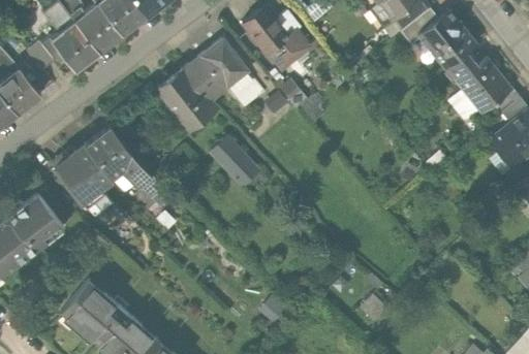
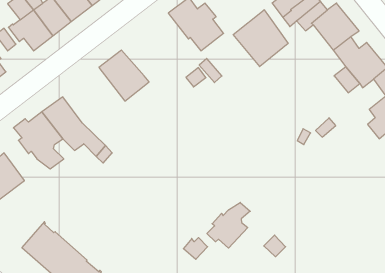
building: none -> [233,10,288,67]
building: [184,41,256,100] -> none
building: [211,136,270,196] -> none
building: none -> [207,202,250,248]

